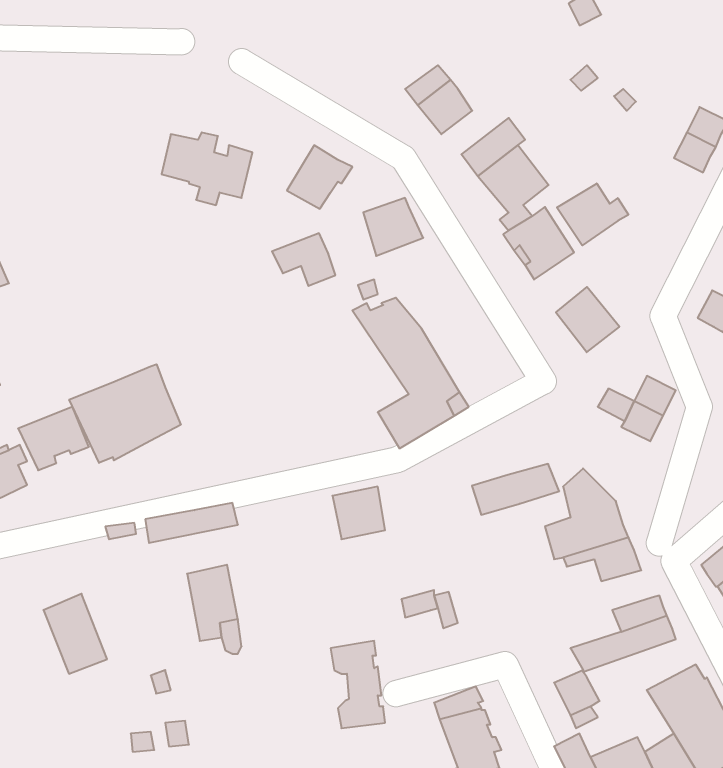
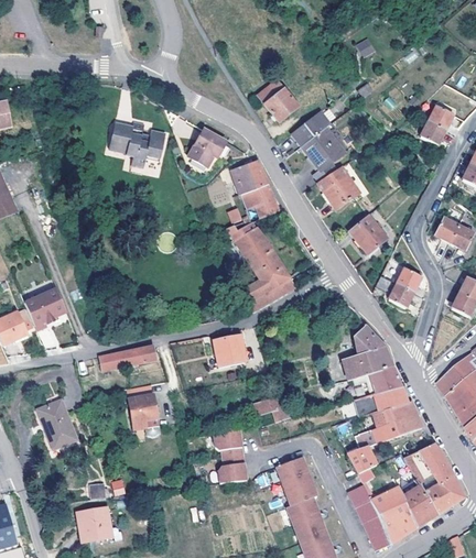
building: [557,183,628,245] -> none
building: [272,233,335,286] -> [240,184,279,216]
building: [69,364,181,463] -> none
building: [472,464,559,515] -> [355,385,408,416]

